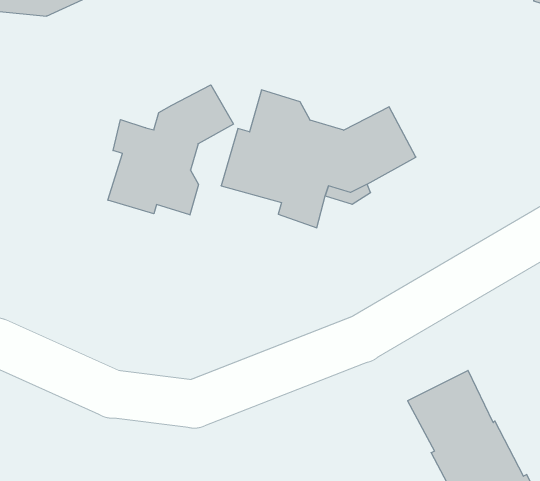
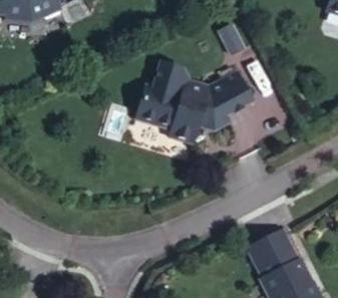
building: [108,85,233,215] -> none

